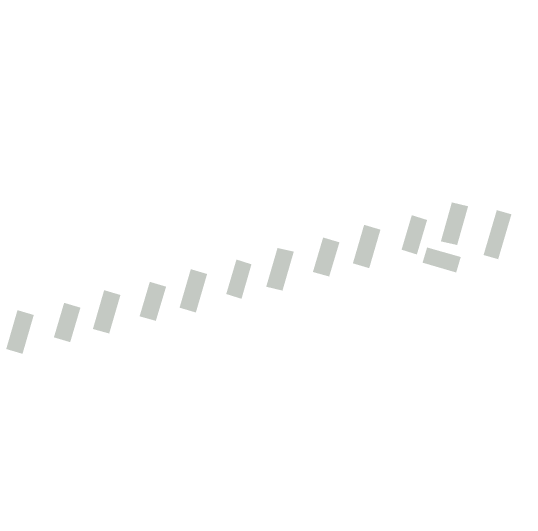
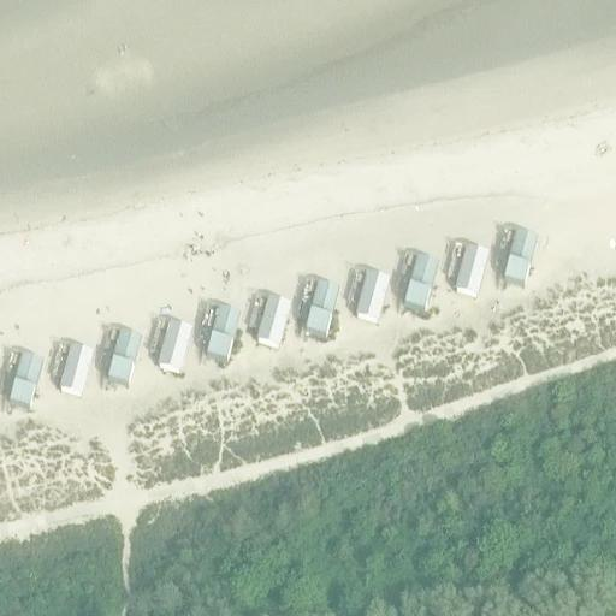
building: [483,209,512,260] -> none
building: [422,246,462,274] -> none

